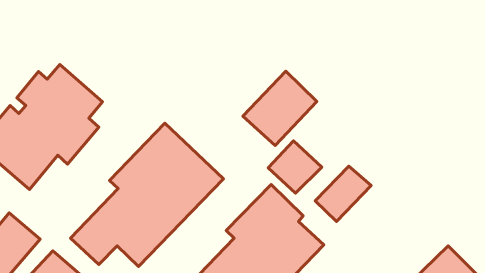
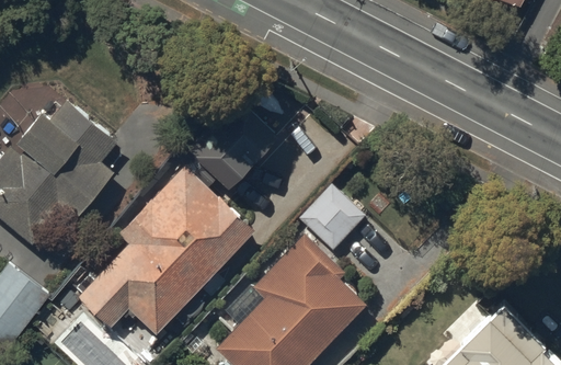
building: [243,71,317,145] -> [195,102,278,185]
building: [315,166,371,222] -> none

